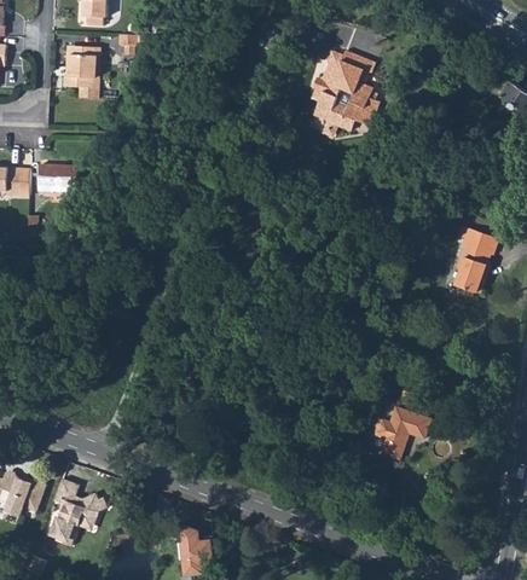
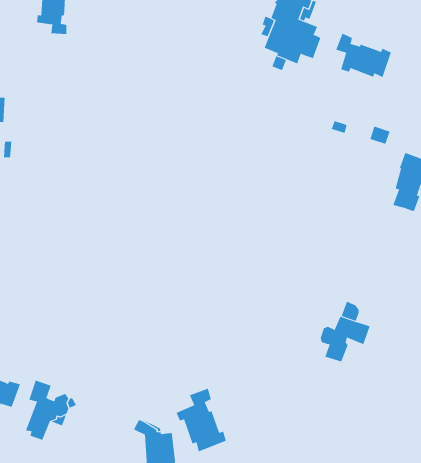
building: none -> [336,33,392,78]
building: [37,164,76,192] -> none
building: none -> [176,388,226,452]

